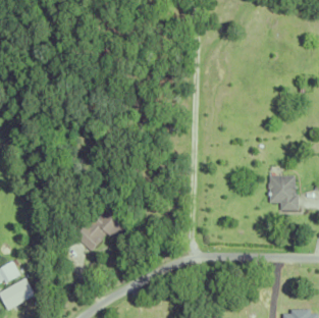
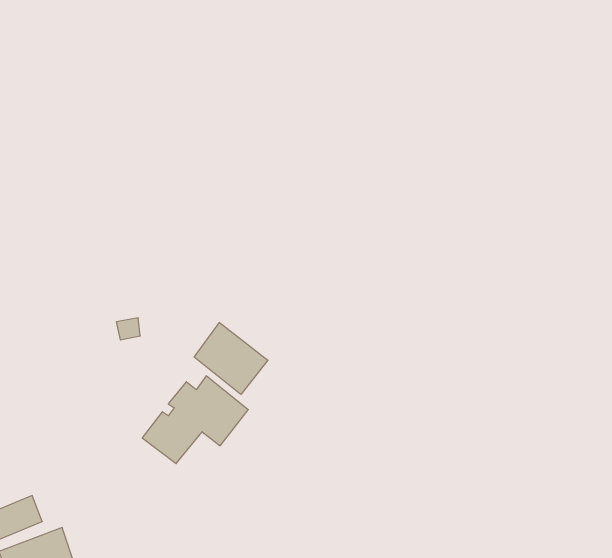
building: [269,176,298,211] -> none
building: none -> [194,322,268,394]

